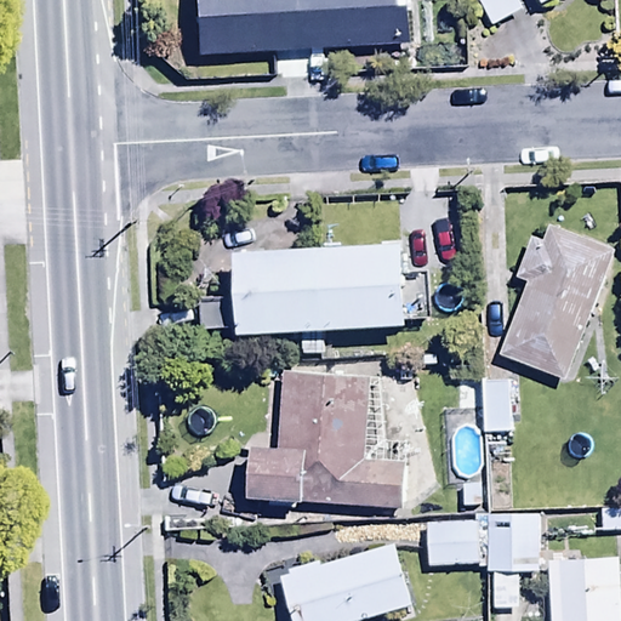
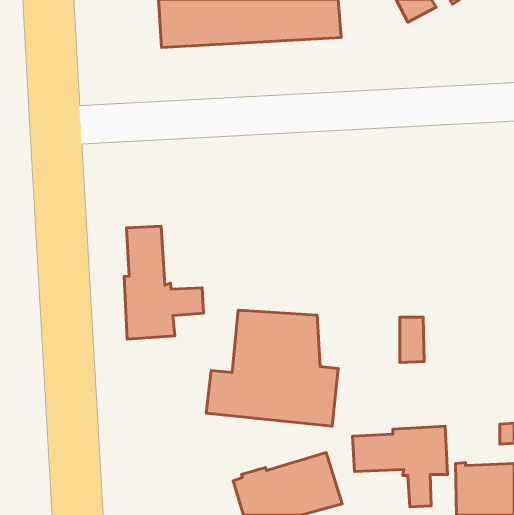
building: [500,224,613,378] -> none
building: [200,243,429,332] -> none
building: none -> [124,226,203,339]

